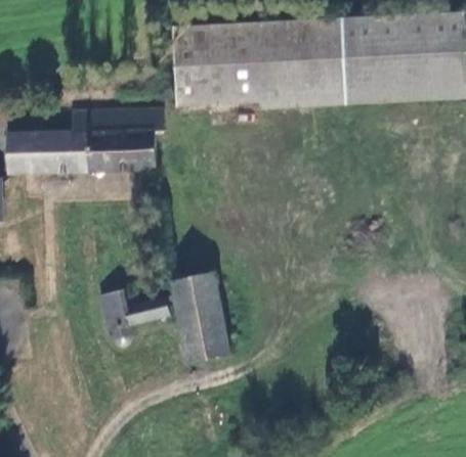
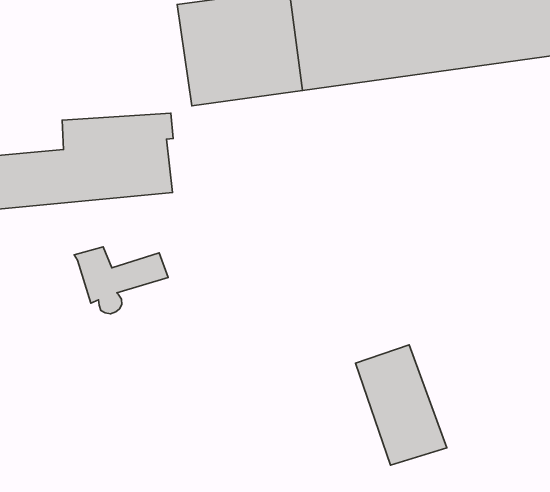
building: [174,272,238,362] -> [356,345,447,465]
building: [100,291,170,342] -> [74,247,168,314]

